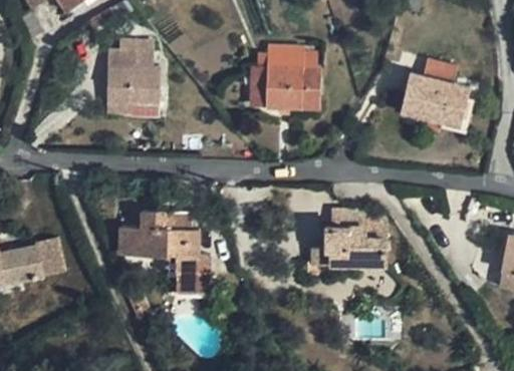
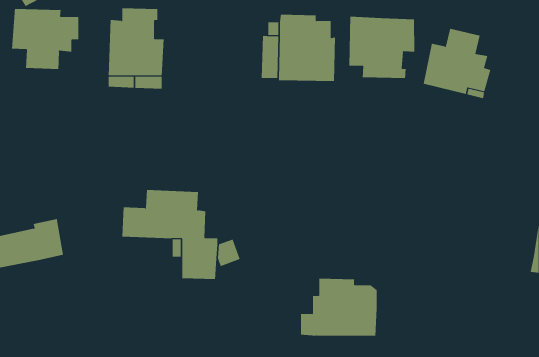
building: none -> [12,8,79,70]
building: none -> [349,16,415,79]
building: [319,211,392,265] -> [300,278,377,336]

